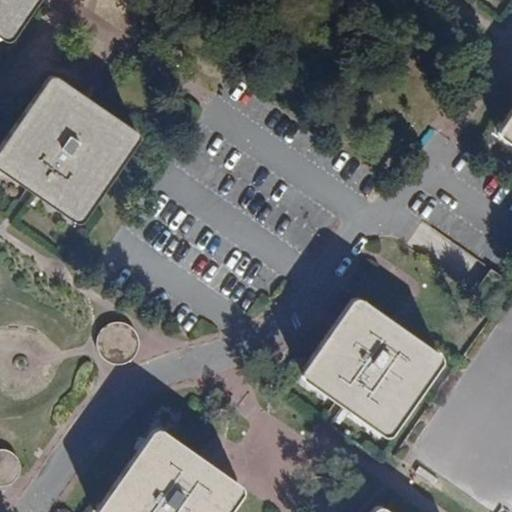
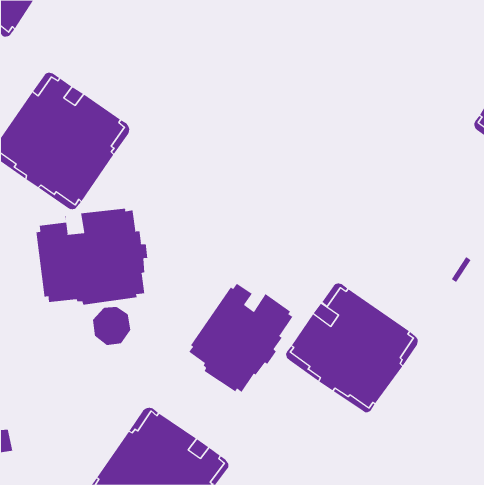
building: none -> [36,208,148,305]
building: none -> [188,283,293,393]

